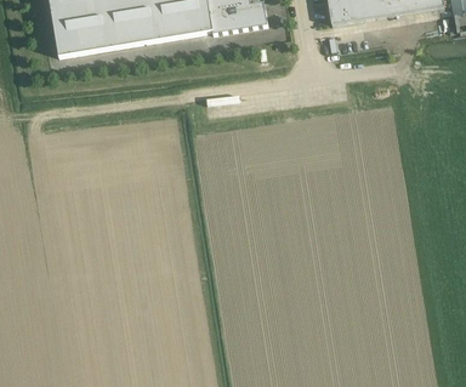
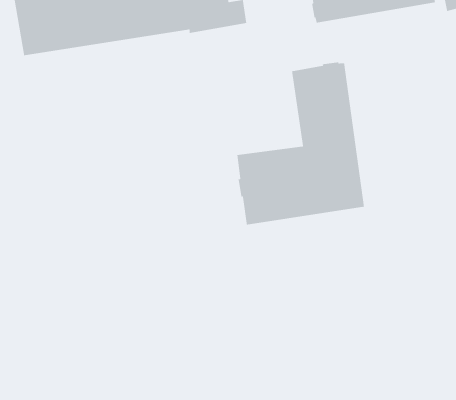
building: none -> [237,61,365,225]

